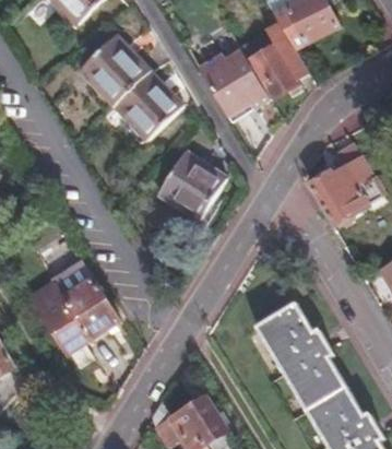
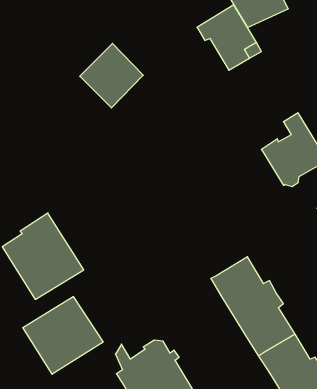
building: [78,33,147,103] -> none
building: [200,50,271,116] -> none
building: [157,150,224,216] -> none
building: none -> [23,297,103,374]

